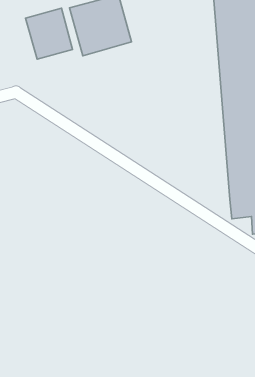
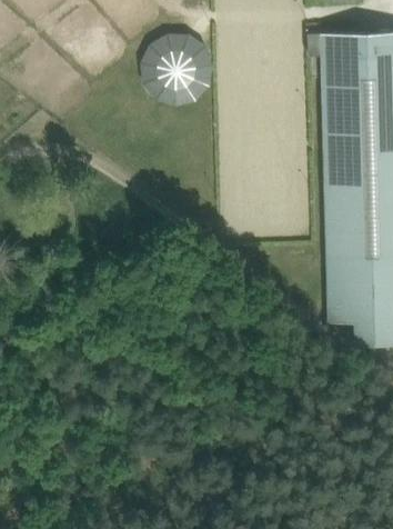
building: [26,8,73,59] -> none

